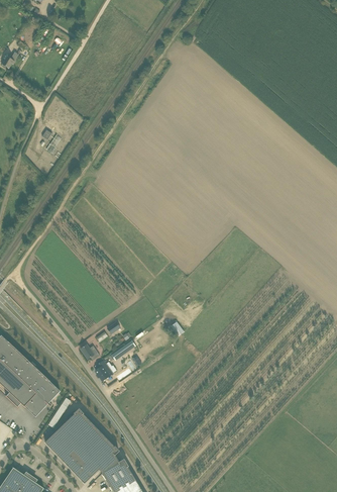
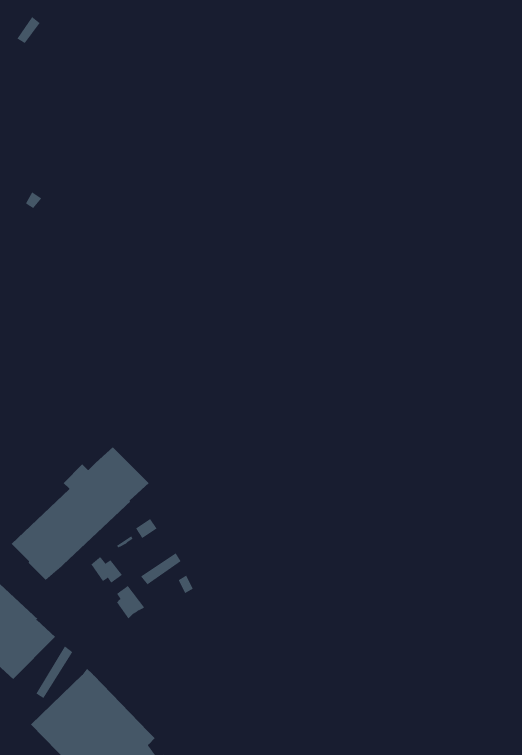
building: none -> [11,446,150,581]

